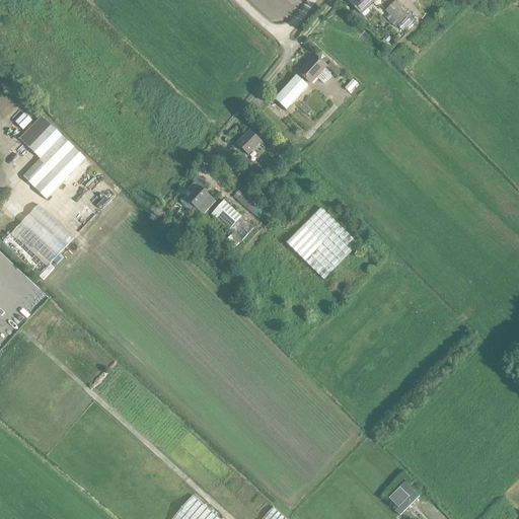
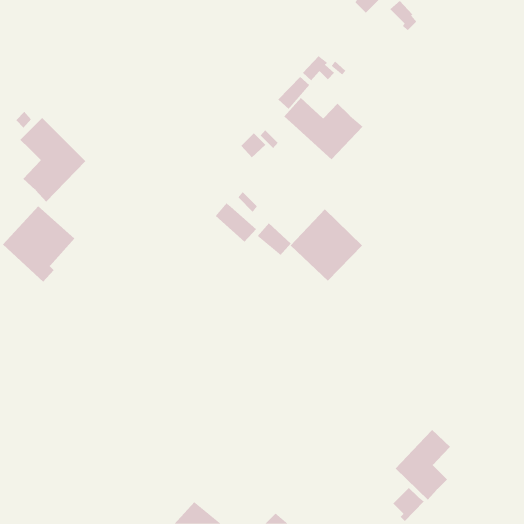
building: none -> [284,97,363,160]
building: [187,186,214,213] -> none
building: none -> [257,223,291,256]
building: none -> [395,429,451,501]

